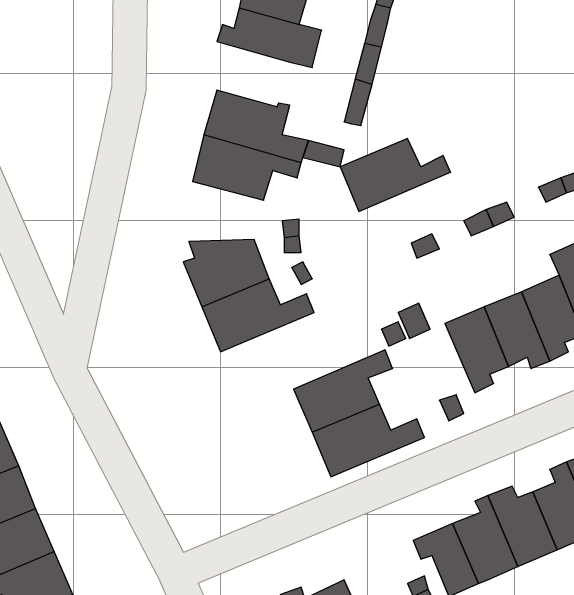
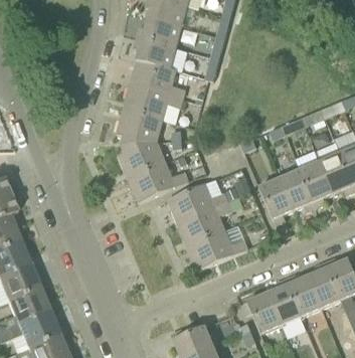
building: none -> [134,35,176,70]
building: [340,139,451,212] -> [168,183,227,222]
building: none -> [117,111,162,143]

